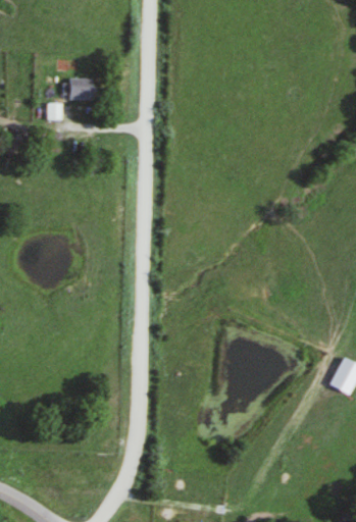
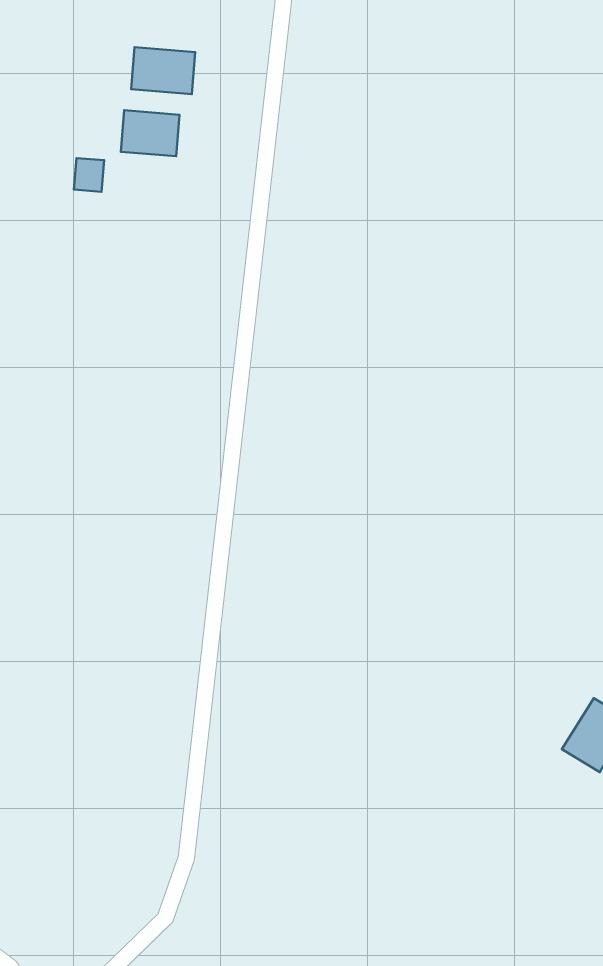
building: none -> [131,47,195,94]

